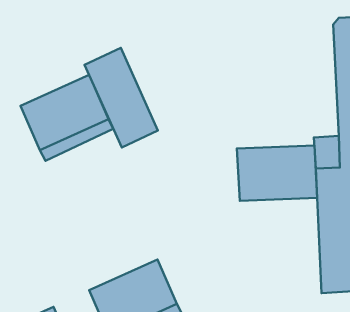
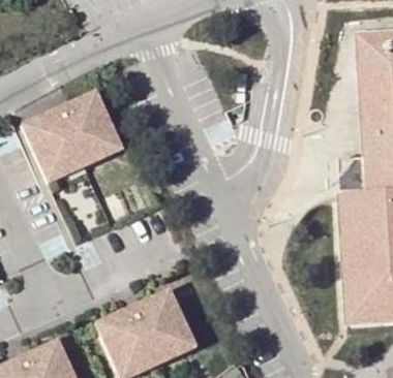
building: [85,48,158,148] -> none
building: [237,145,317,201] -> none

